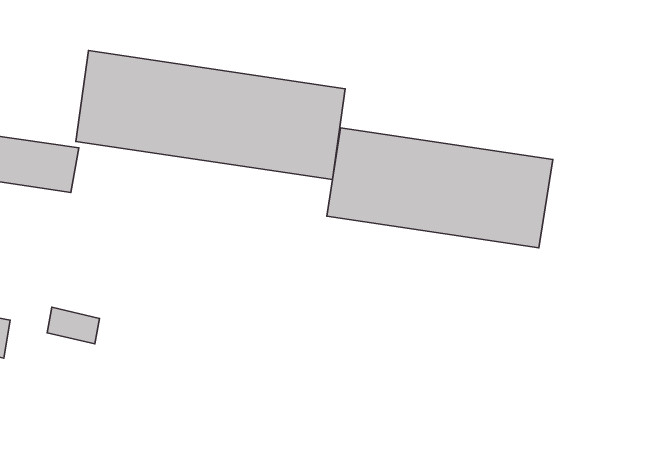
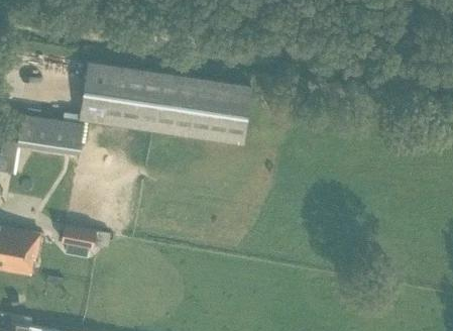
building: [327,128,553,248] -> none

